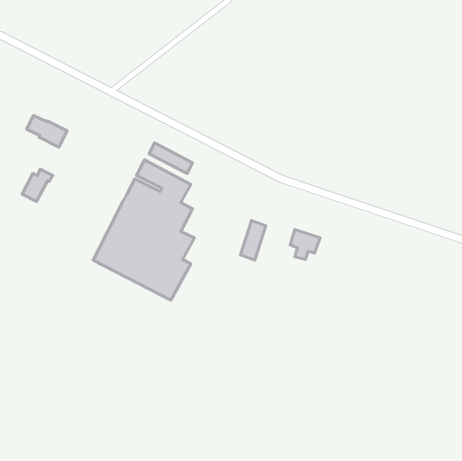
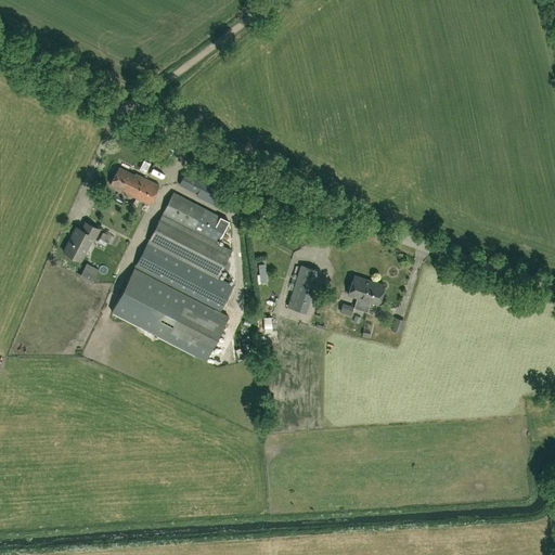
building: [26,115,67,147] -> [109,168,158,206]
building: [22,169,53,202] -> [63,222,100,261]

